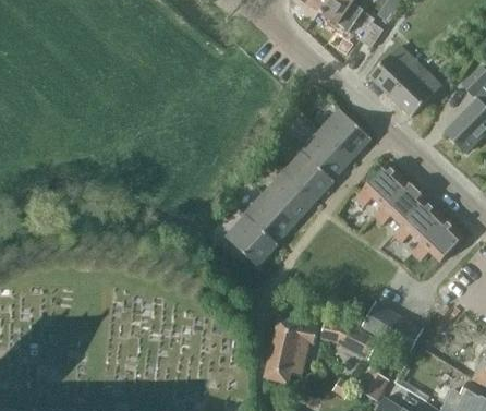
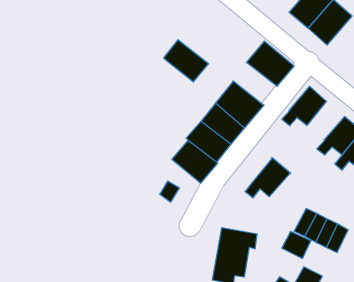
building: [300,130,351,179] -> [164,40,209,82]
building: [374,179,427,223] -> [245,158,291,198]

